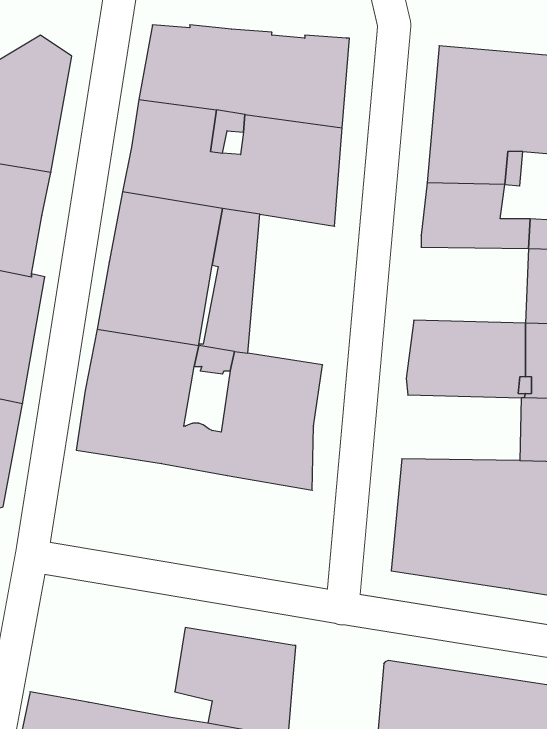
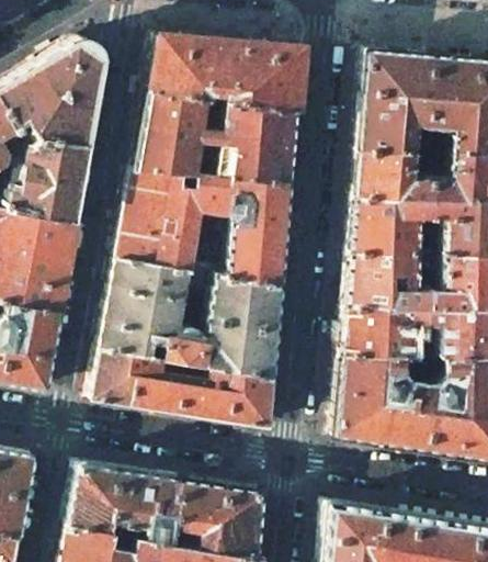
building: none -> [228,176,292,286]
building: none -> [350,200,434,256]
building: none -> [341,308,429,357]
building: none -> [92,349,275,428]
building: none -> [68,464,182,546]

